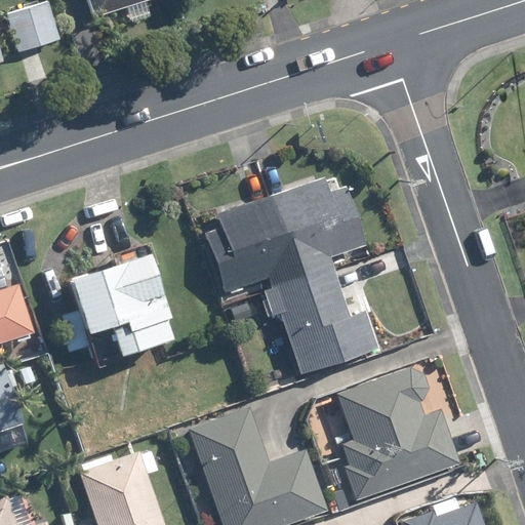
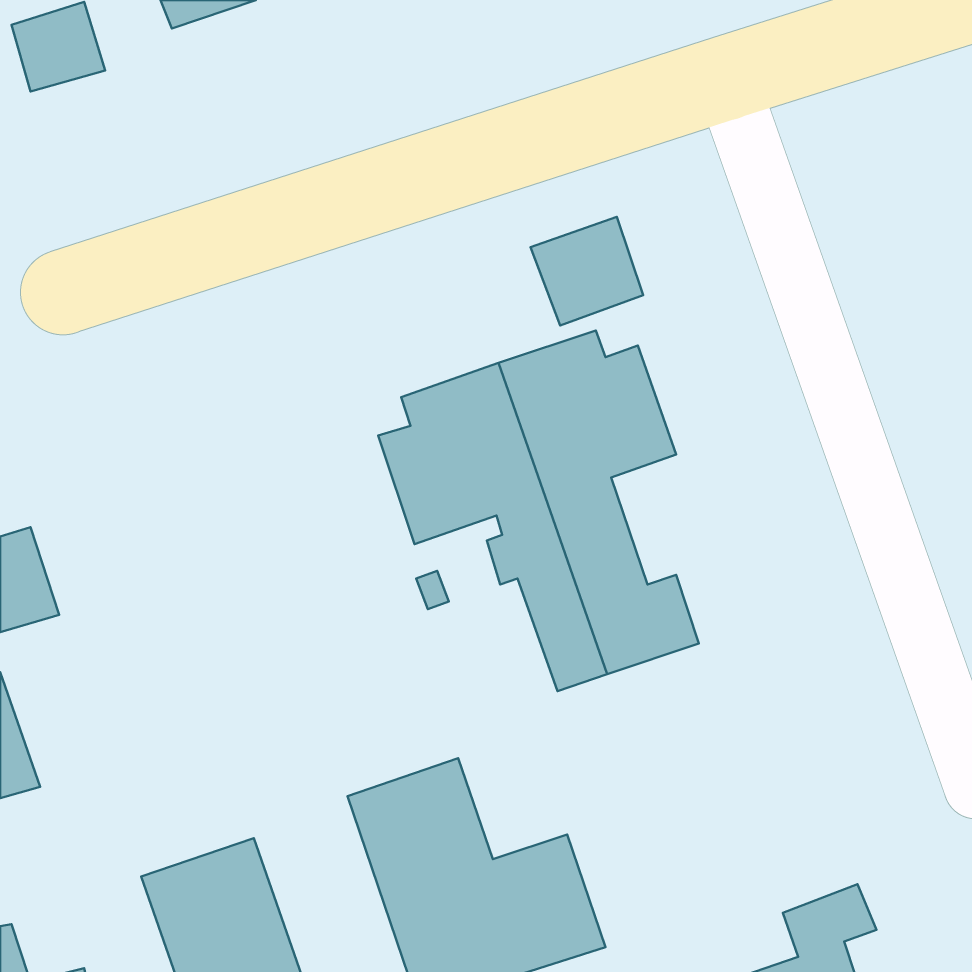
building: none -> [530,217,643,326]
building: [70,251,173,354] -> none
building: [339,370,459,500] -> none

